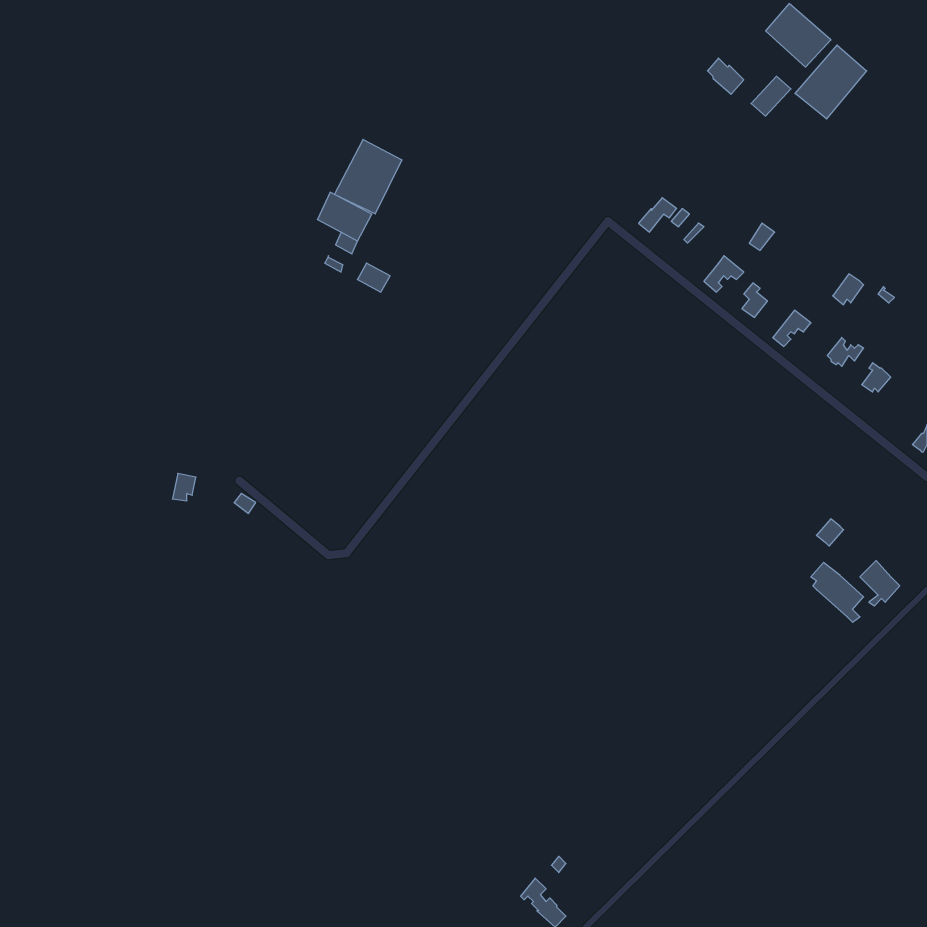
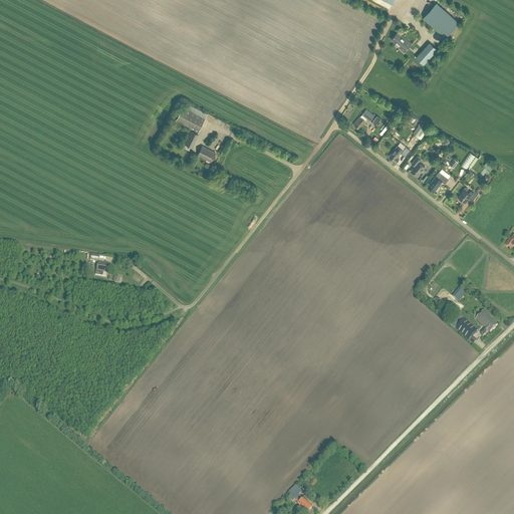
building: [795,45,867,119] -> none
building: [334,139,402,214] -> none

